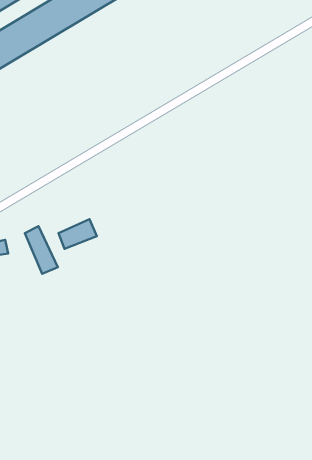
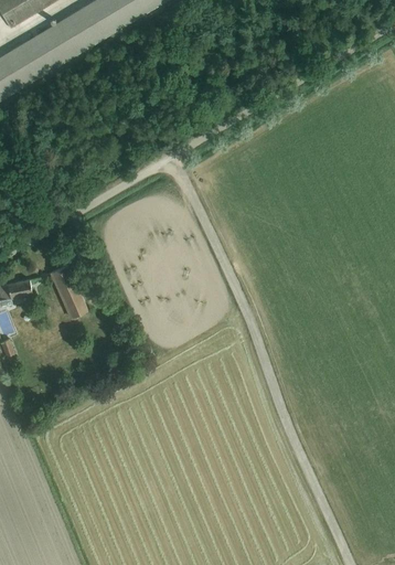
building: [58,219,97,249] -> none

